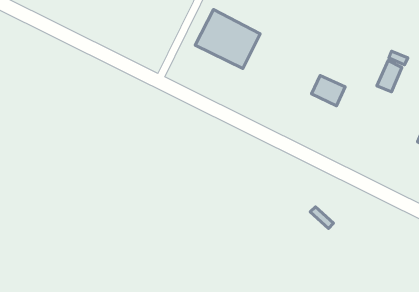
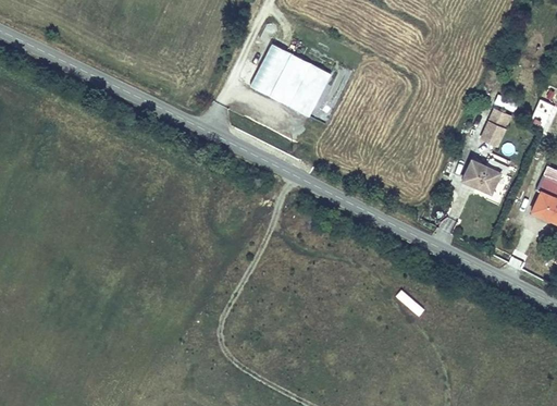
building: [312,76,345,106] -> [460,156,503,194]

